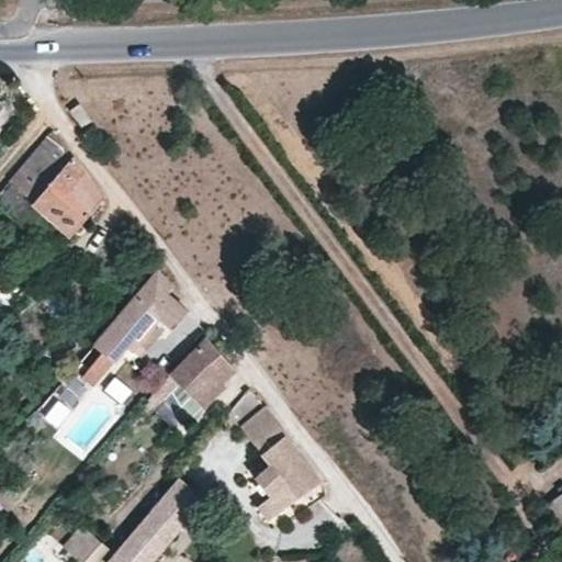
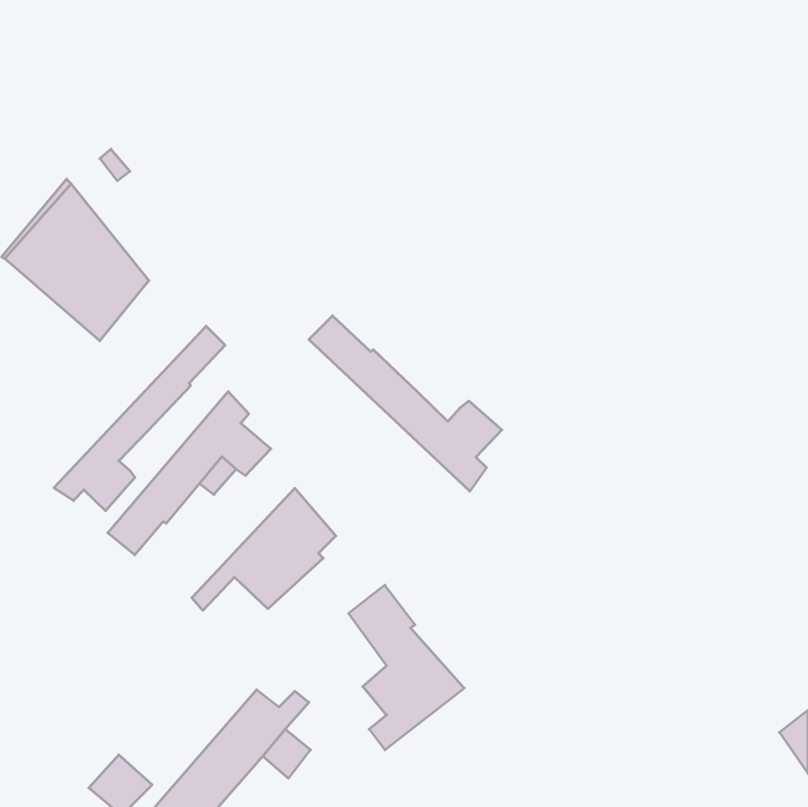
building: none -> [309,316,502,491]
building: none -> [54,326,225,511]

